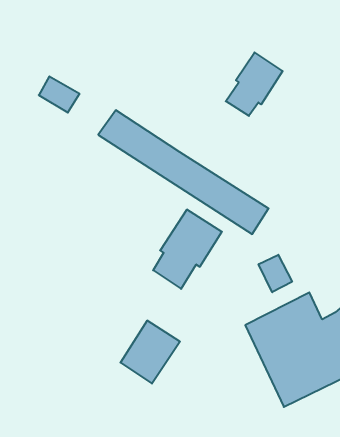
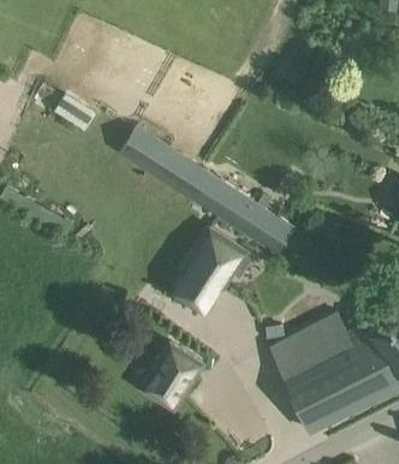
building: [226,52,283,116] -> none
building: [259,255,292,292] -> none

